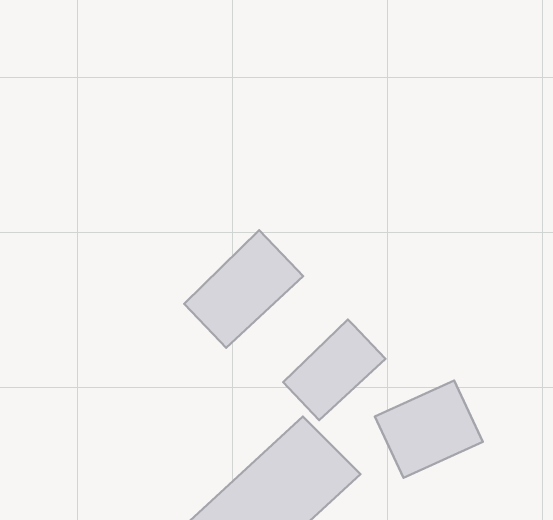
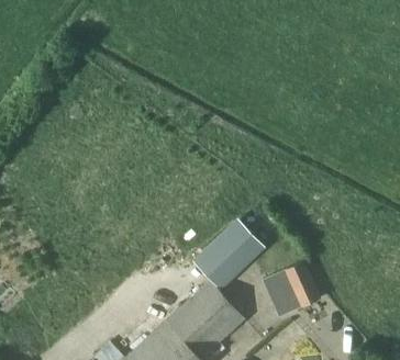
building: [184,230,303,348] -> none

